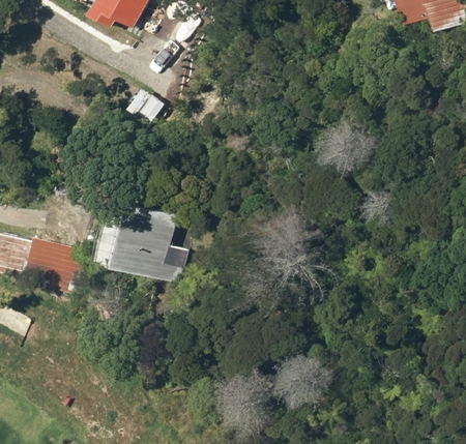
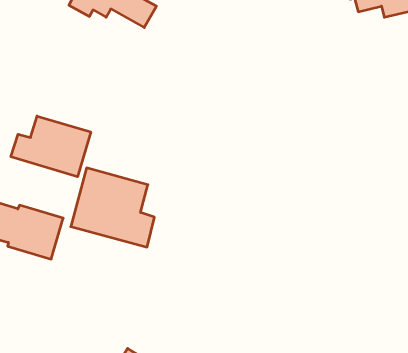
building: none -> [11,116,91,177]

